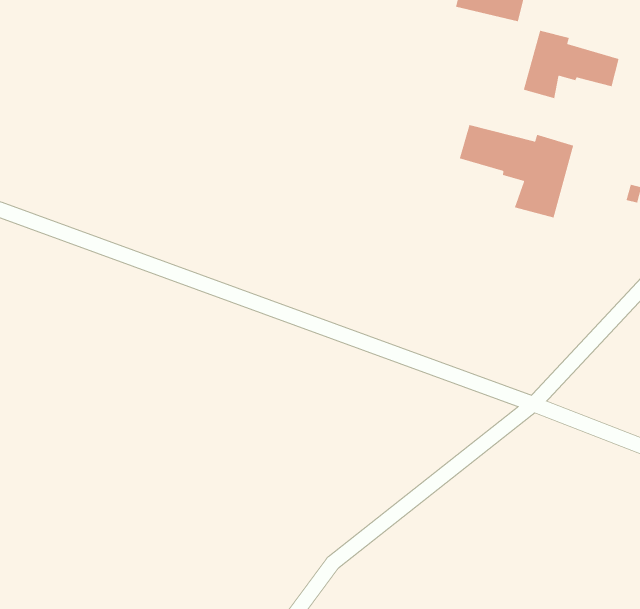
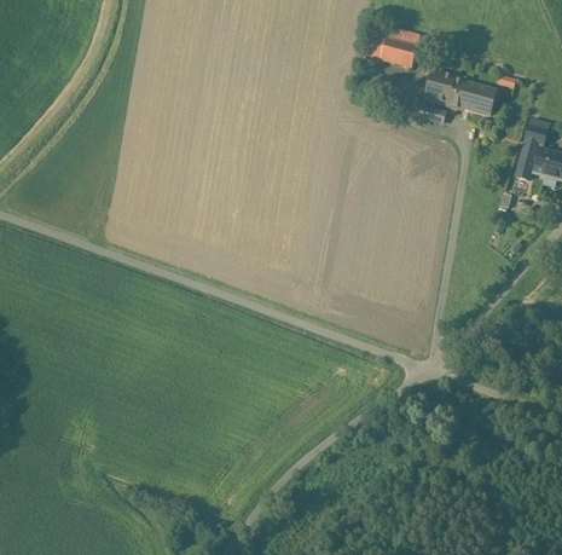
building: [459,124,574,219] -> none

